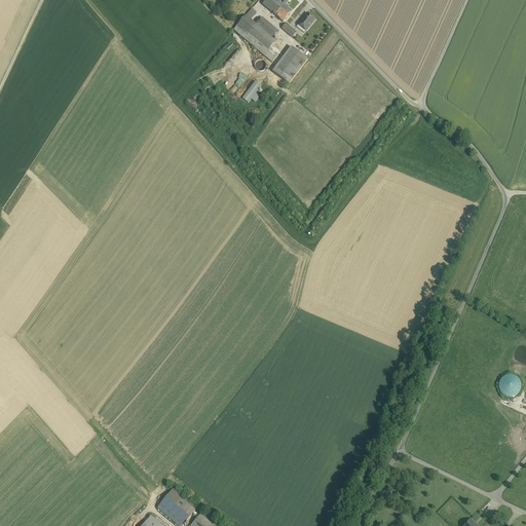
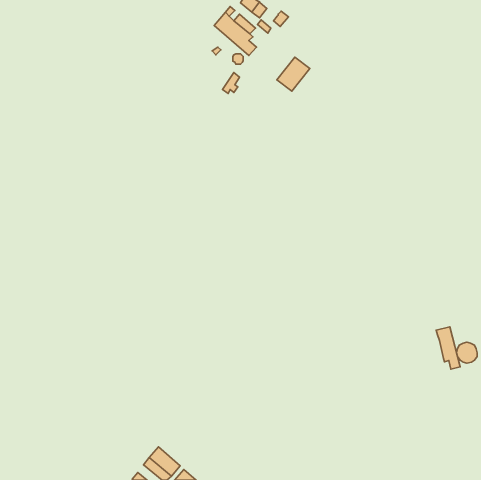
building: [271,45,307,82] -> [277,57,310,91]
building: none -> [436,327,460,369]

